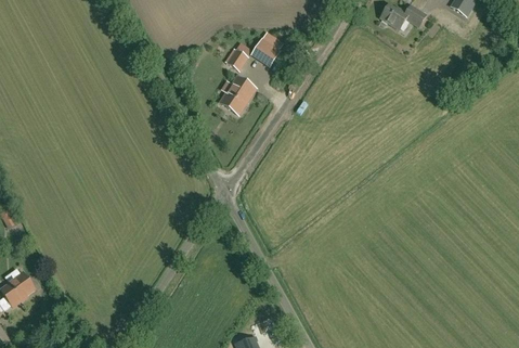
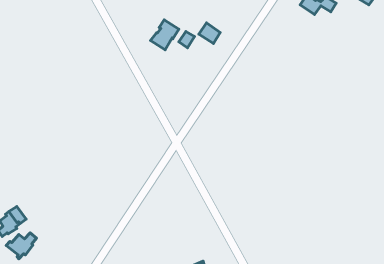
building: [220,75,256,113] -> [151,20,179,50]
building: none -> [6,233,37,259]

